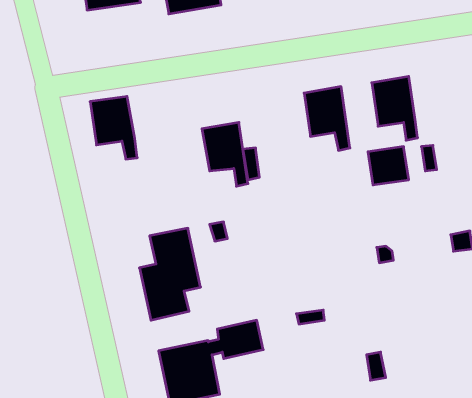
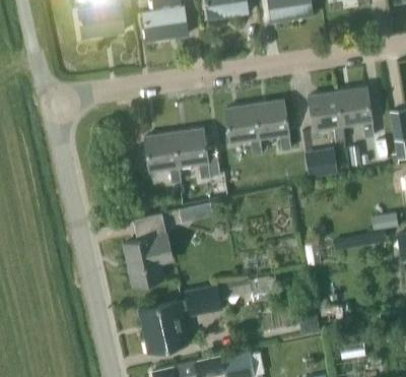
building: none -> [337,87,374,137]
building: none -> [224,105,261,154]
building: [90,96,137,159] -> [143,133,181,183]

